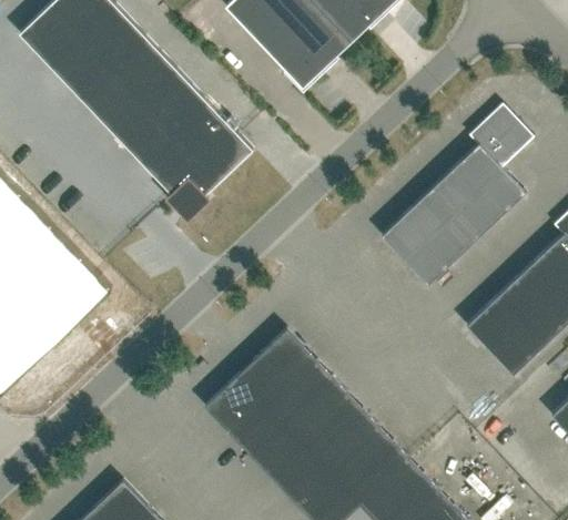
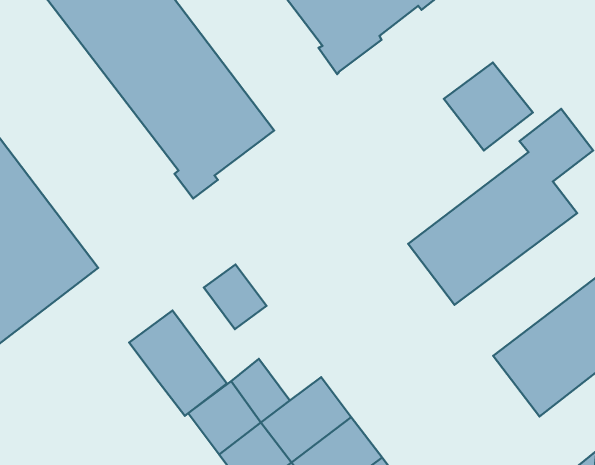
building: none -> [444,62,533,151]
building: none -> [129,310,227,416]
building: [262,328,318,385] -> [204,265,266,329]

